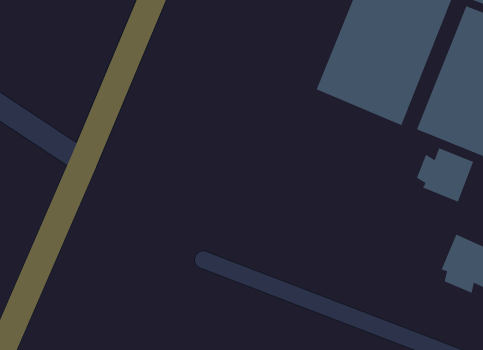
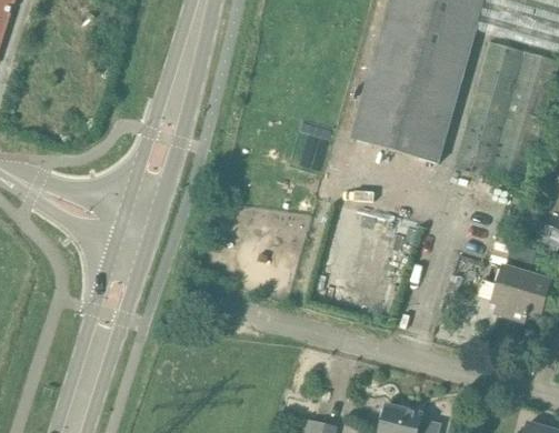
building: [416,148,474,202] -> none

